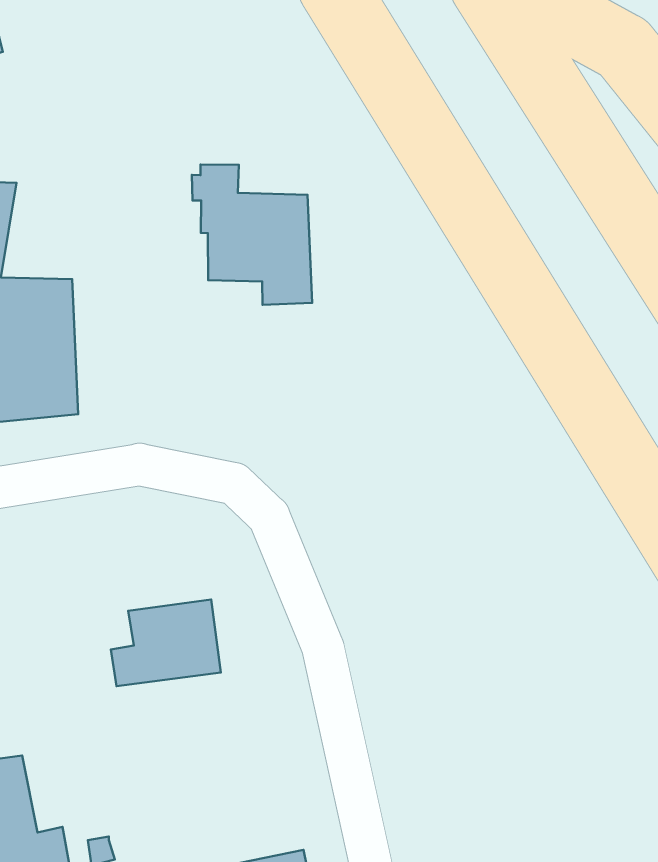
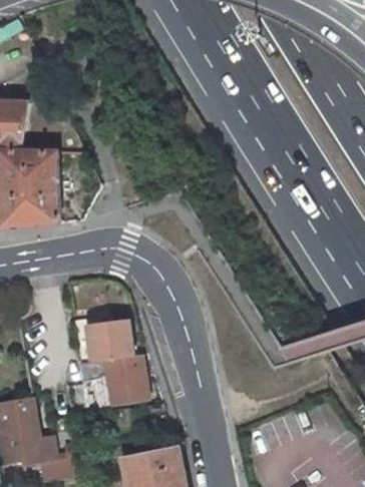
building: [192,164,312,305] -> none
building: none -> [80,354,148,405]

